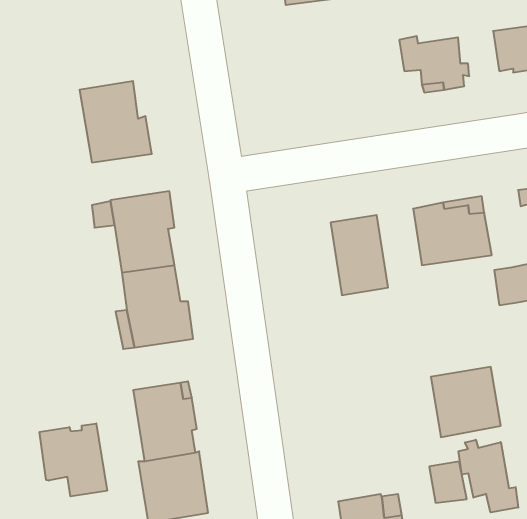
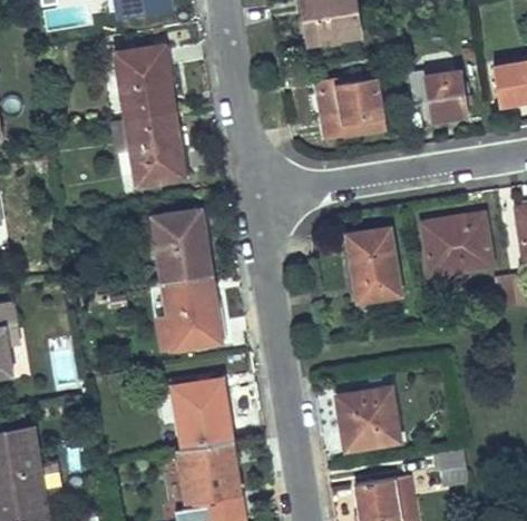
building: none -> [114,45,172,118]
building: none -> [315,78,383,137]
building: [431,367,501,437] -> [336,387,399,450]
building: [40,423,107,496] -> none
building: [458,440,518,512] -> none

